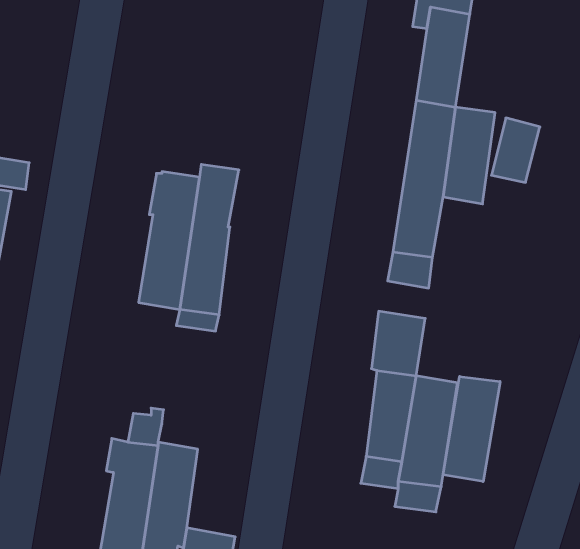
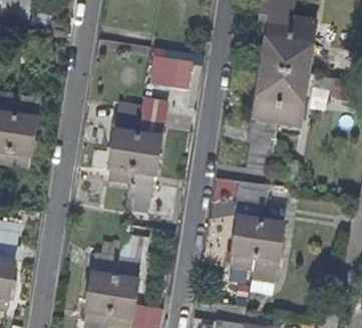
building: none -> [284,17,314,72]
building: none -> [146,56,191,92]
building: [443,376,500,482] -> none

